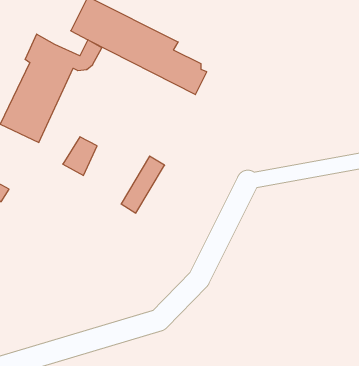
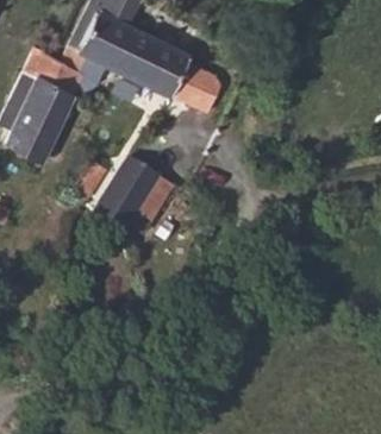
building: none -> [90,157,158,235]

